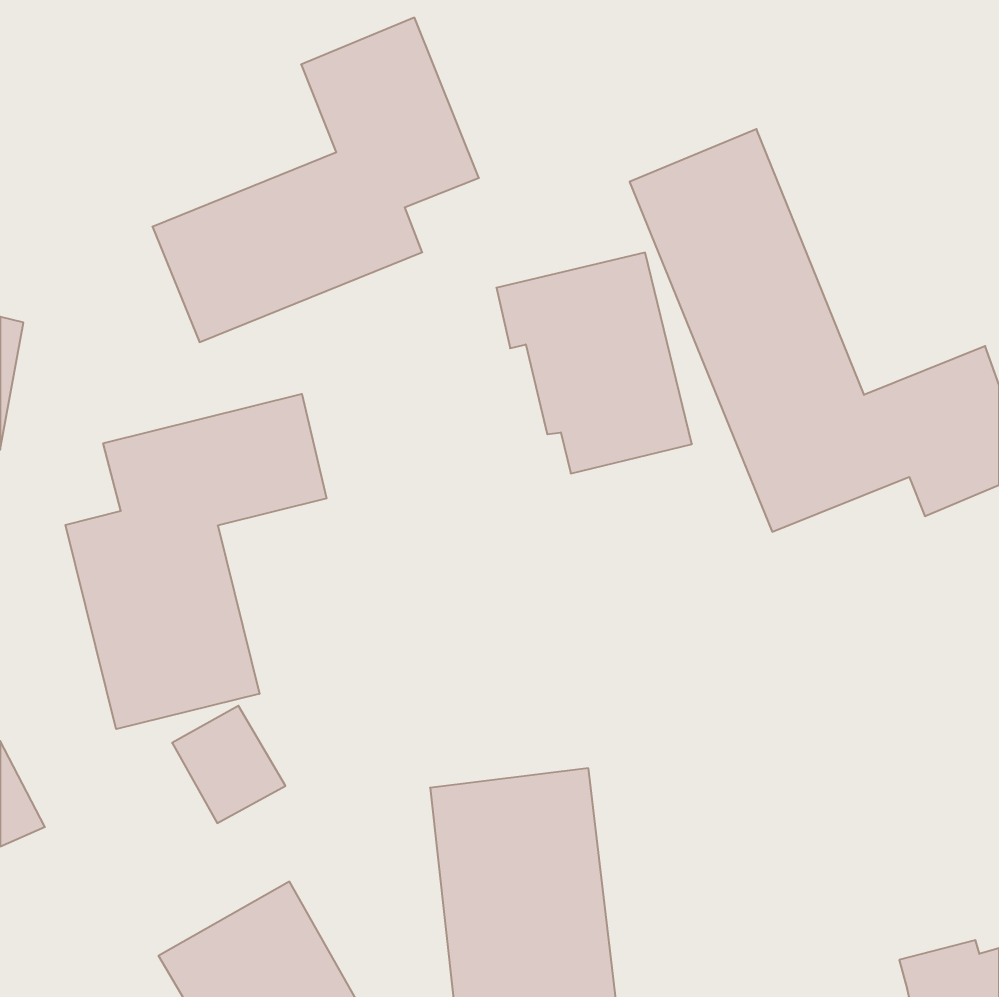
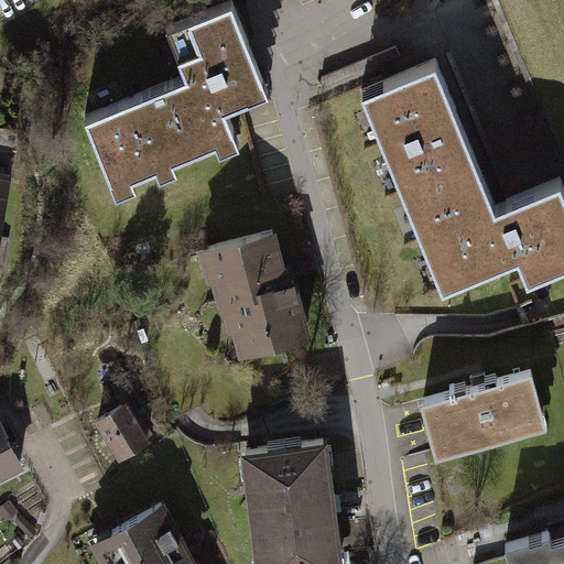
building: [496,253,692,473] -> [198,227,308,351]
building: [65,394,327,729] -> none
building: none -> [413,380,542,468]

